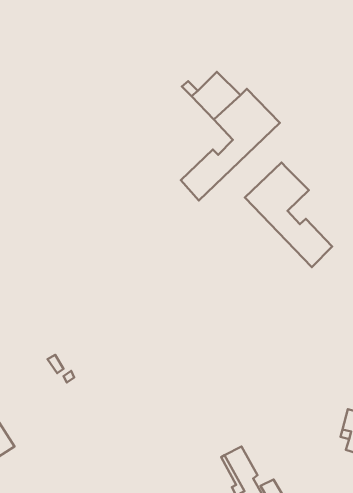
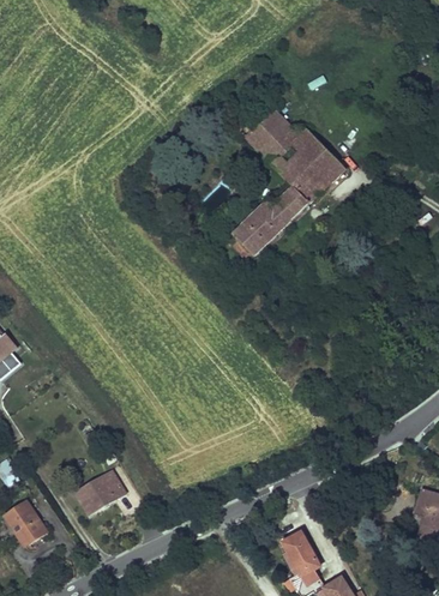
building: [245,162,332,267] -> none
building: none -> [74,471,122,514]

